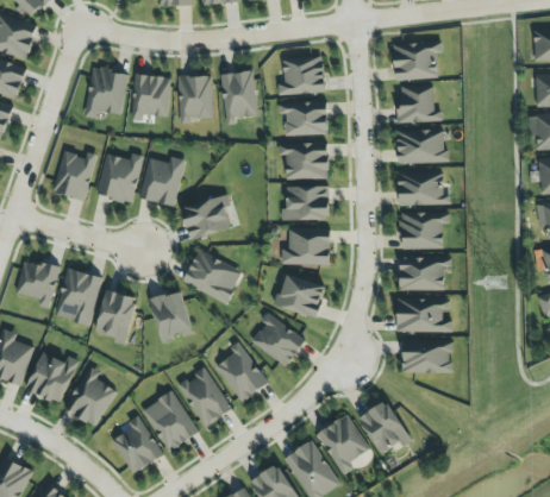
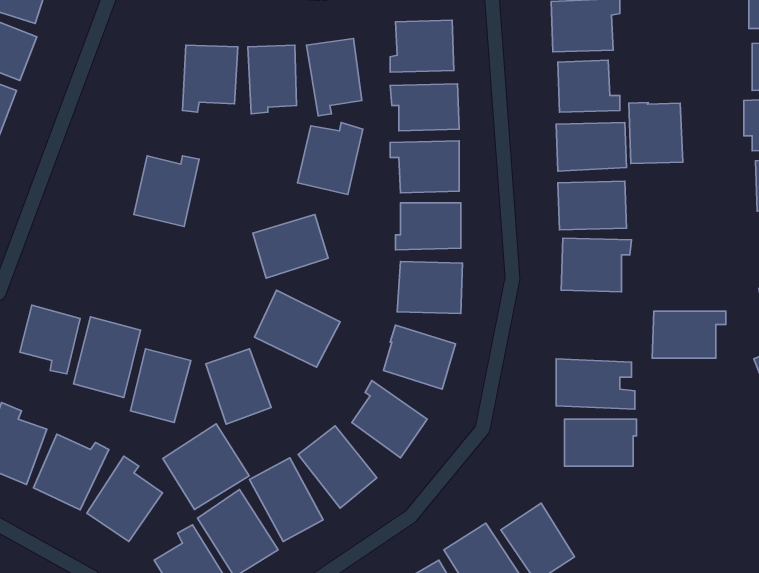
building: [83,67,129,118] -> none
building: none -> [629,102,683,164]
building: [54,152,95,200] -> none
building: [138,156,185,207] -> [298,122,363,194]
building: [399,257,451,290] -> [652,311,726,358]
building: none -> [163,424,249,509]

